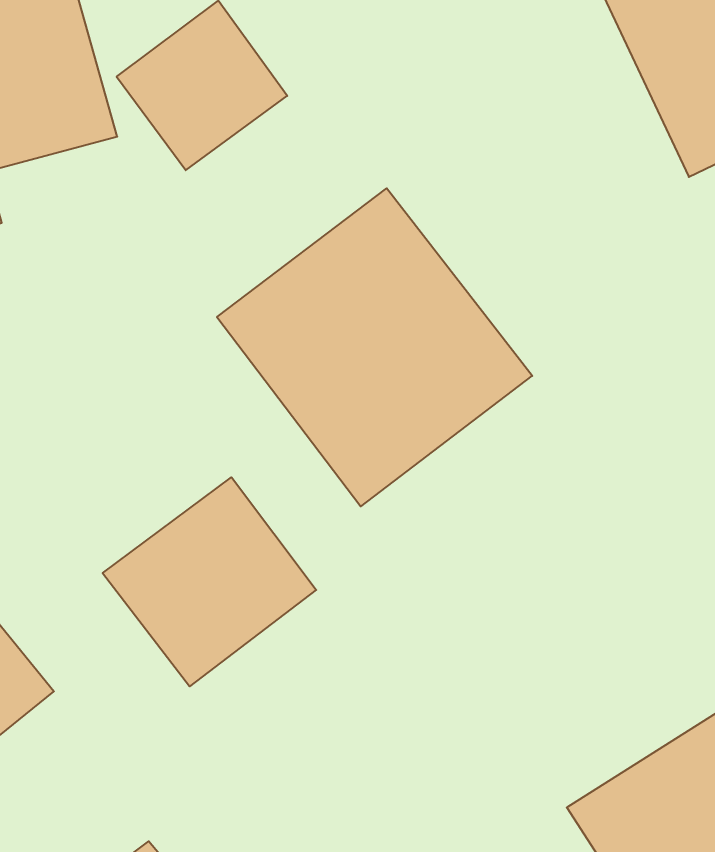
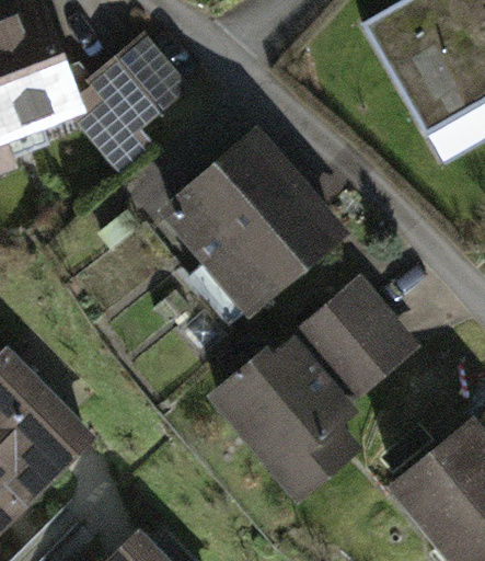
building: none -> [298,277,418,398]
building: [103,477,316,686] -> none
building: none -> [217,340,357,497]

